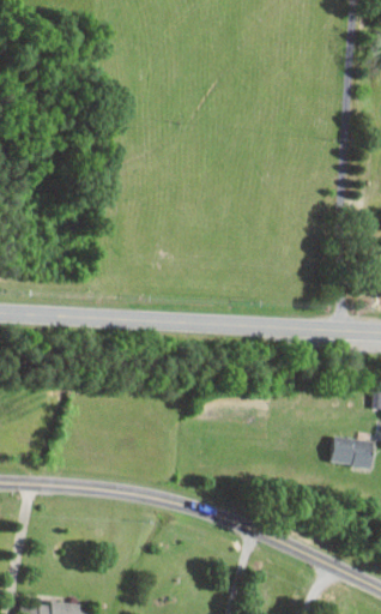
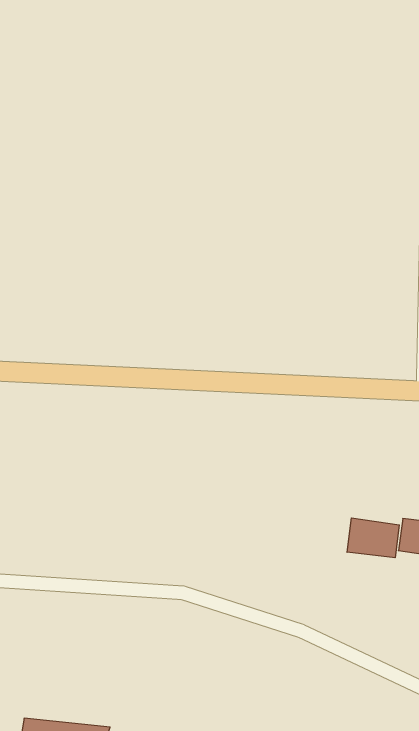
building: none -> [347,518,399,558]

